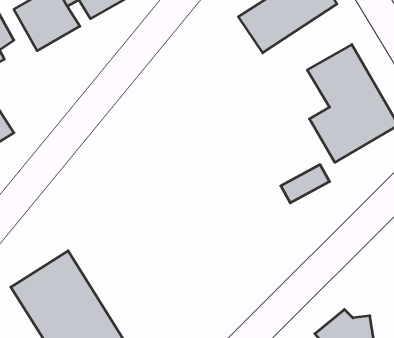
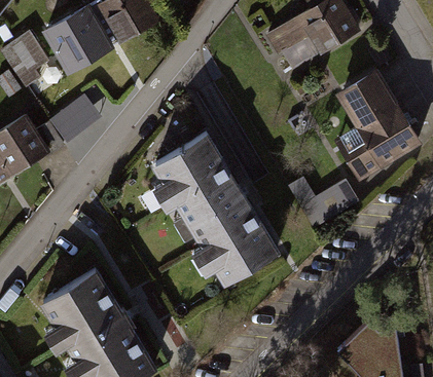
building: none -> [49,95,100,144]
building: none -> [145,136,274,287]

